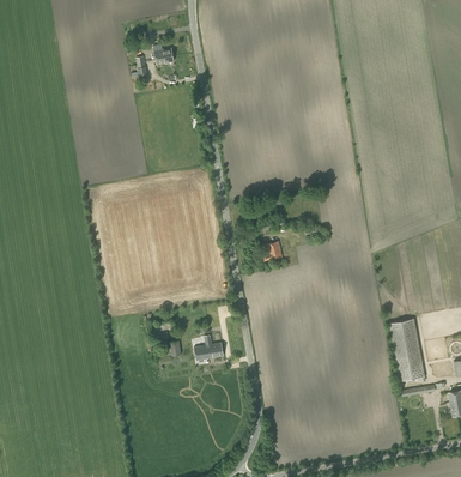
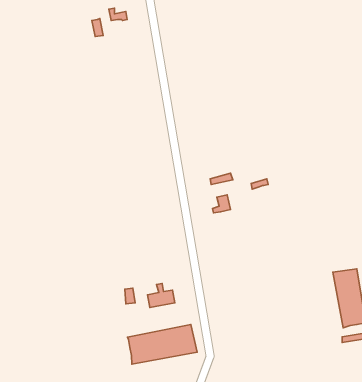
building: none -> [127,324,197,364]

